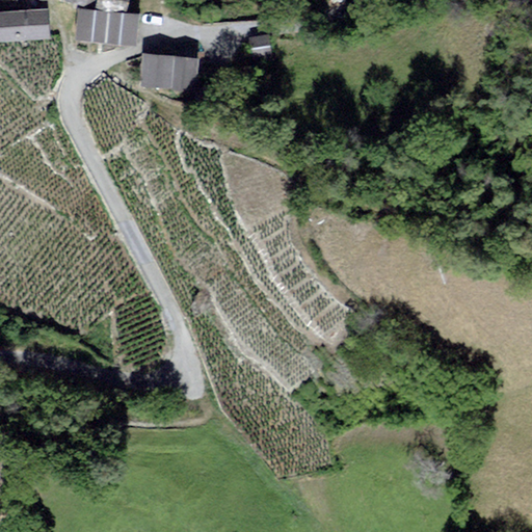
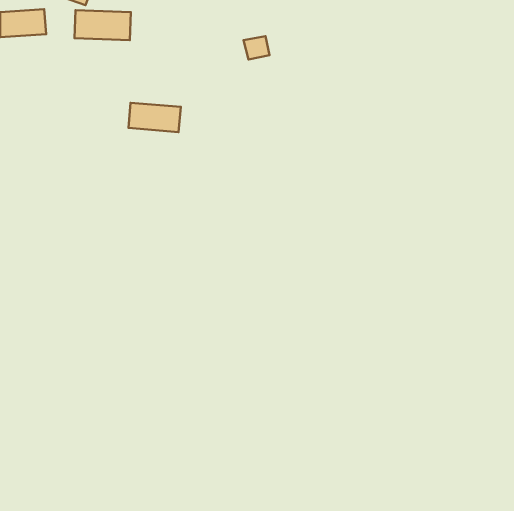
building: [141,56,195,86] -> [128,103,181,132]

